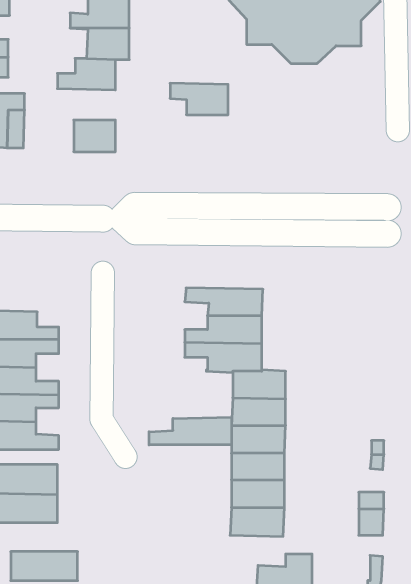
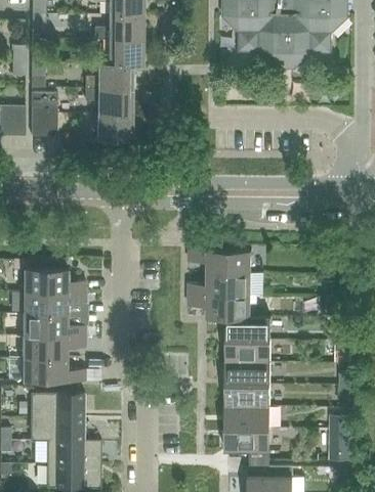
building: [170,83,228,115] -> [85,88,132,114]
building: [149,417,231,445] -> none
building: none -> [47,440,101,463]

